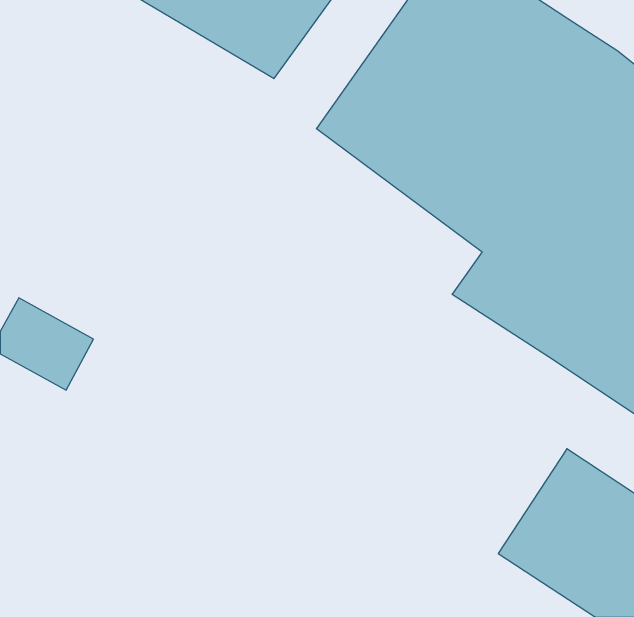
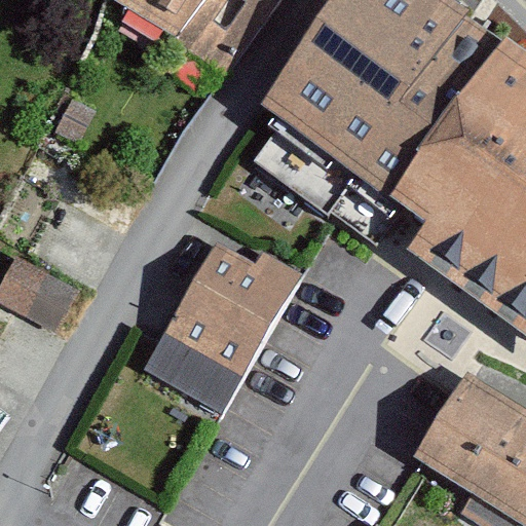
building: none -> [151,218,306,400]

